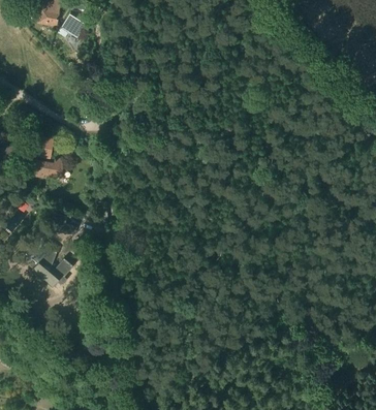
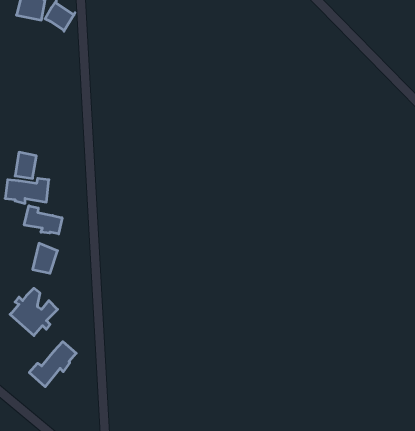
building: none -> [24,206,62,234]
building: none -> [29,342,76,387]

